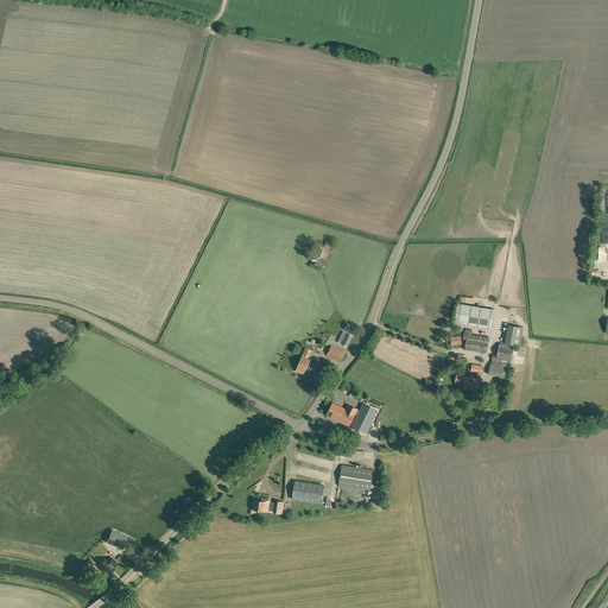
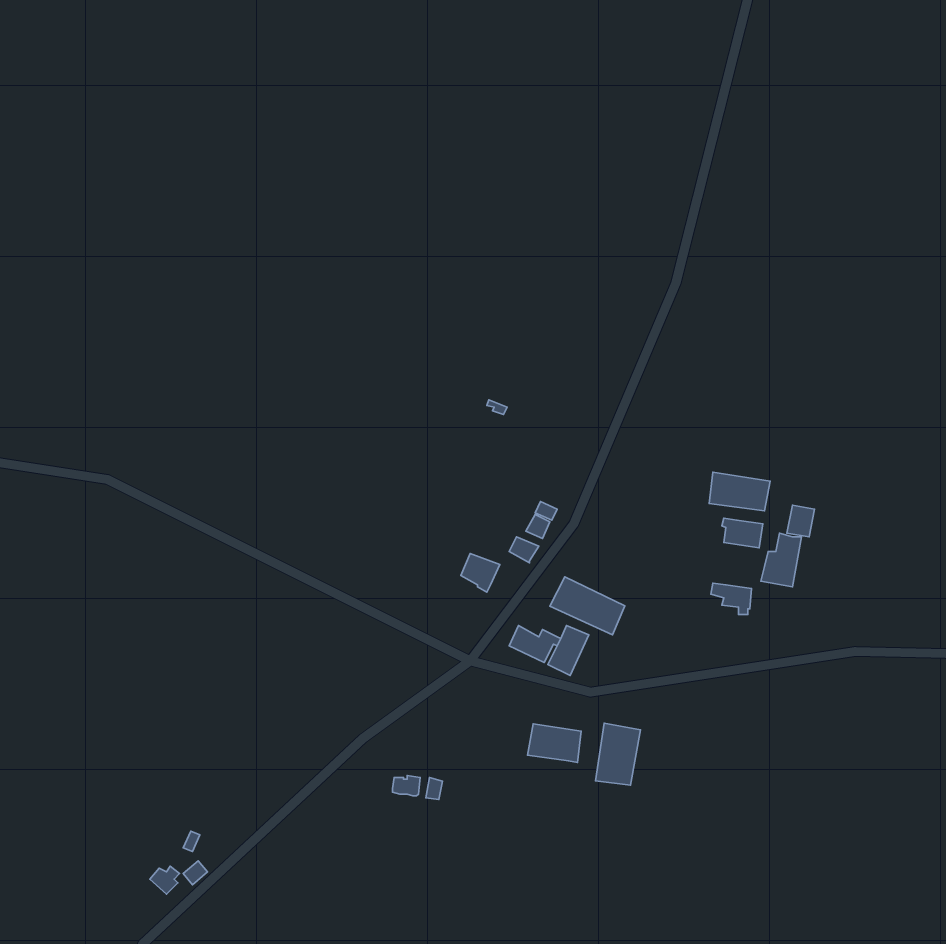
building: none -> [550,577,625,635]
building: none -> [596,723,641,785]
building: [291,480,324,502] -> none

